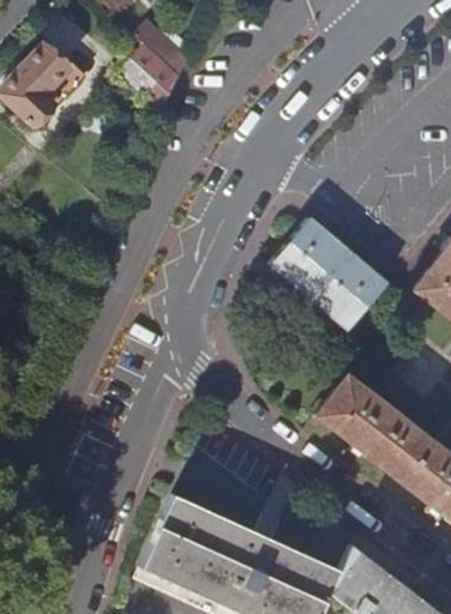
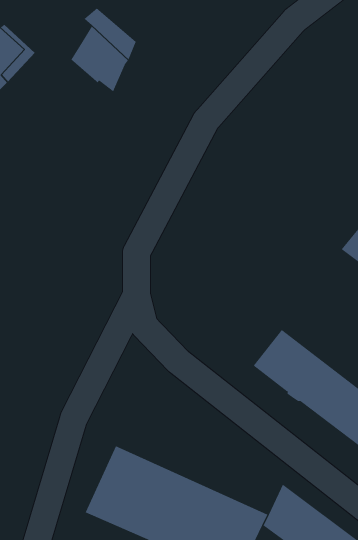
building: [272,218,390,329] -> none

